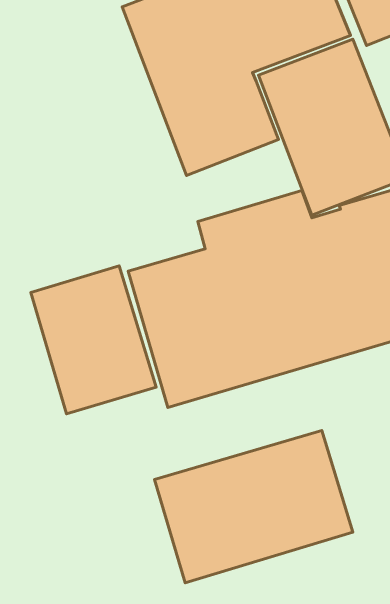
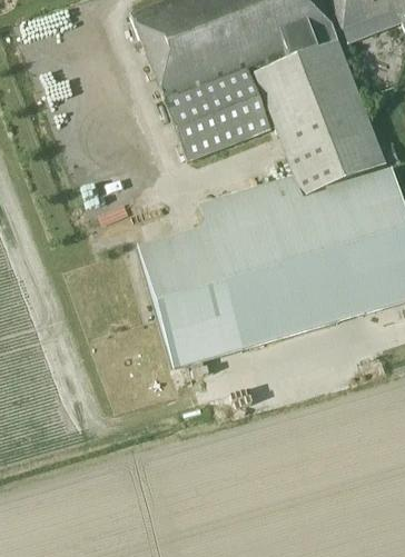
building: [31,266,156,414] -> none
building: [154,430,353,583] -> none

